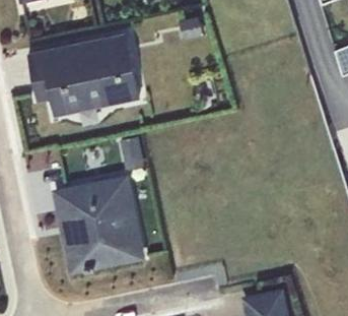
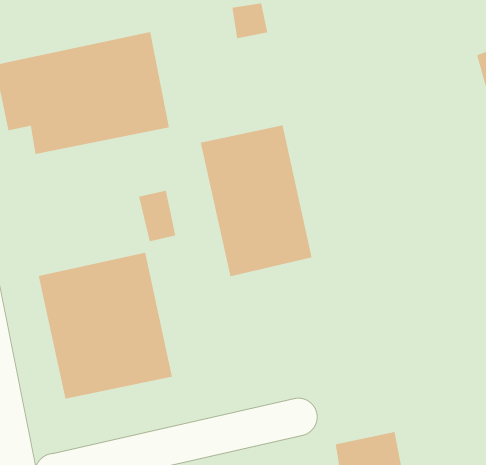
building: none -> [200,124,313,277]

